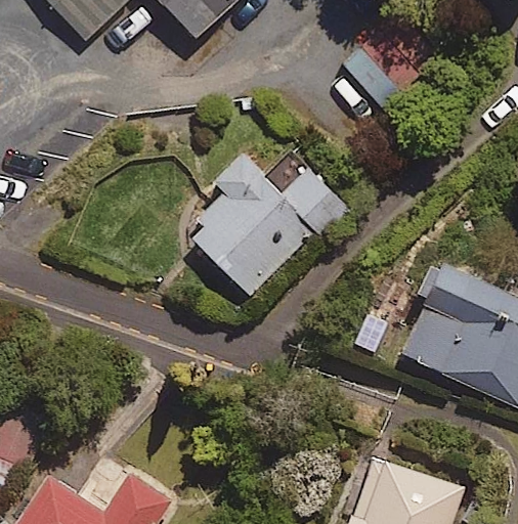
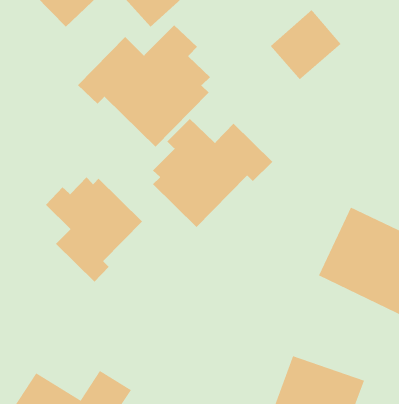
building: none -> [77,24,211,147]
building: none -> [45,176,143,283]

